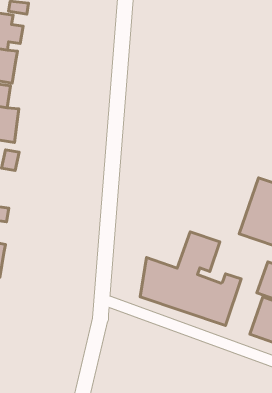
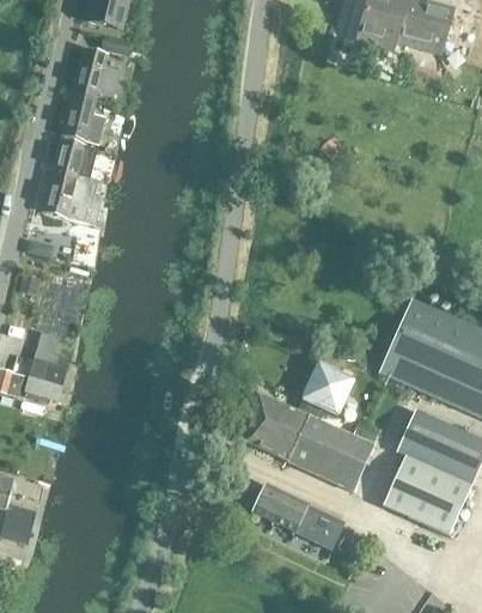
building: none -> [254,484,343,547]

